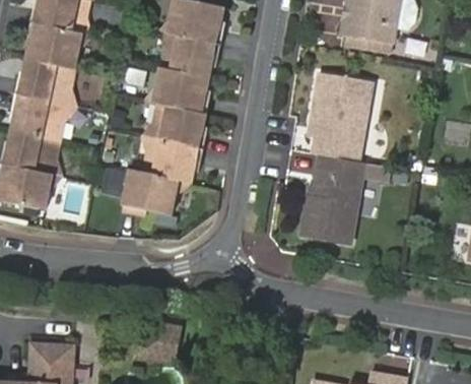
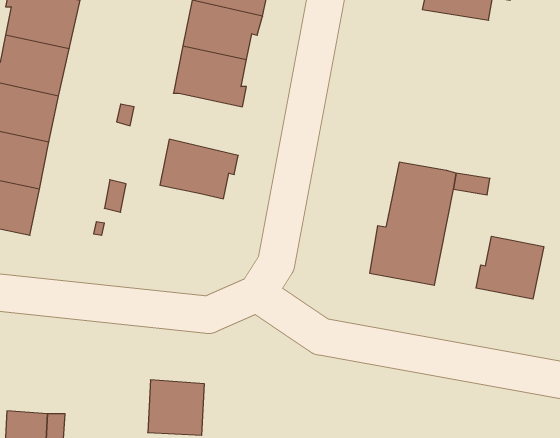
building: [313,71,373,161] -> none
building: [150,103,205,149] -> none
building: [118,168,173,214] -> none
building: none -> [476,236,544,299]

